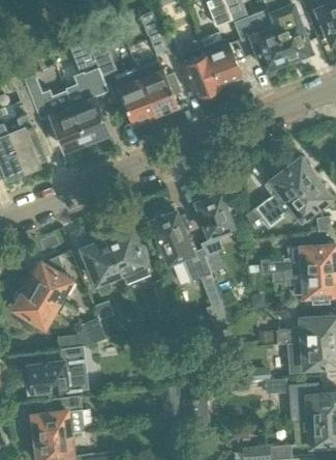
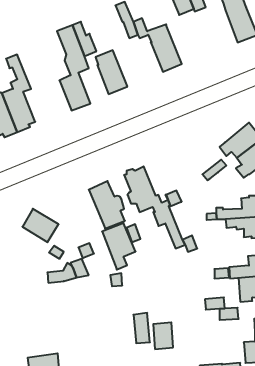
building: [250,23,286,69] -> none
building: [201,33,241,87] -> none
building: [136,61,178,114] -> none
building: [43,90,87,151] -> none
building: [195,193,237,236] -> none
building: [82,238,122,294] -> [102,223,136,270]
building: [12,283,58,326] -> none
building: [26,358,79,392] -> none
building: [32,397,85,440] -> none

